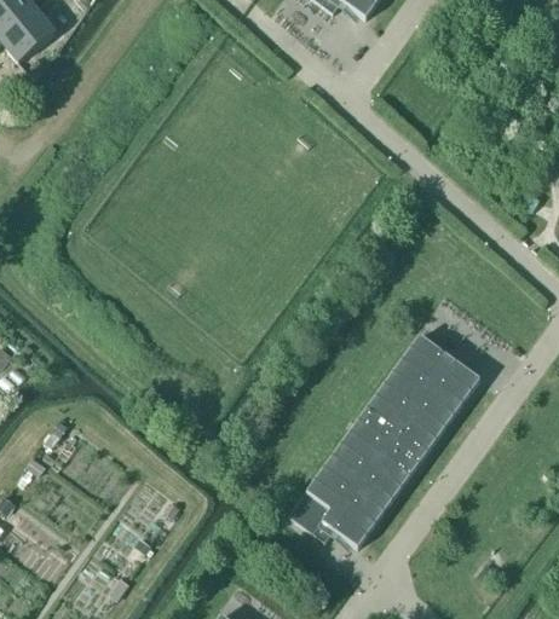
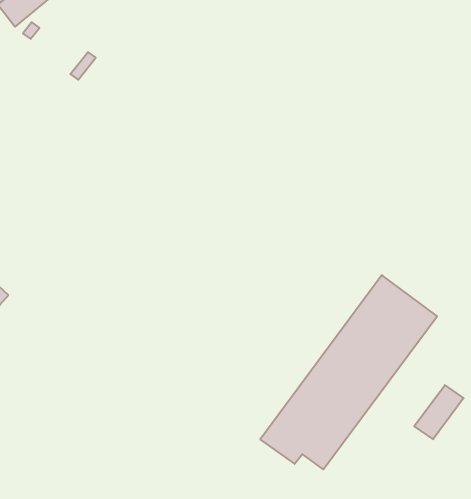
building: none -> [414,385,464,439]

